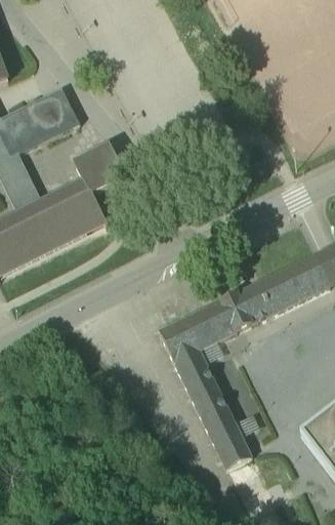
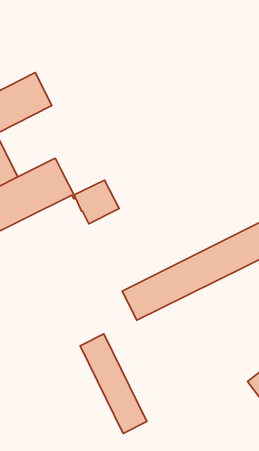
building: [75,147,125,196] -> [74,180,119,224]
building: [175,350,250,461] -> [80,334,147,433]

